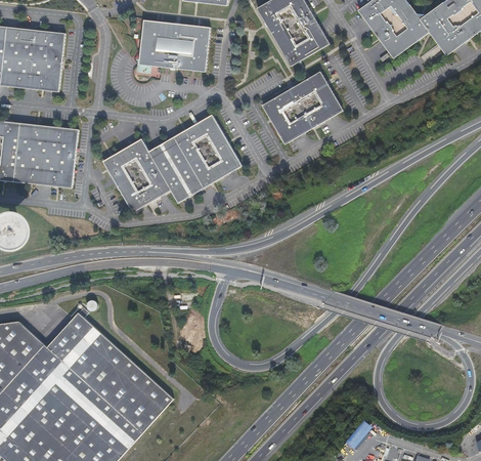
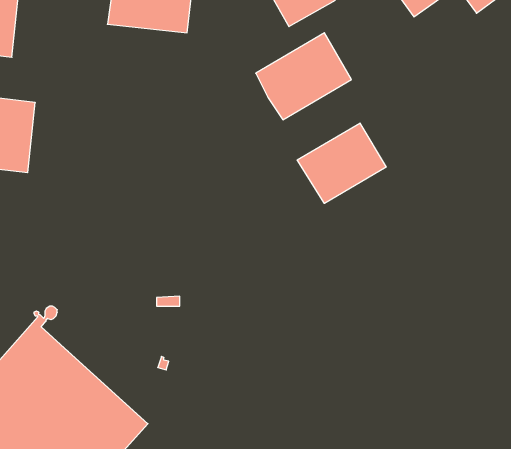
building: [102,114,242,211] -> none
building: none -> [297,123,386,203]

